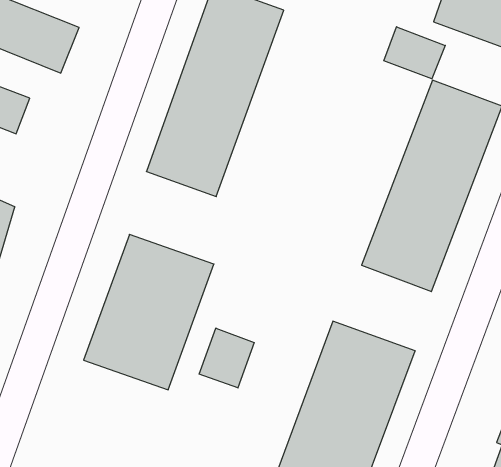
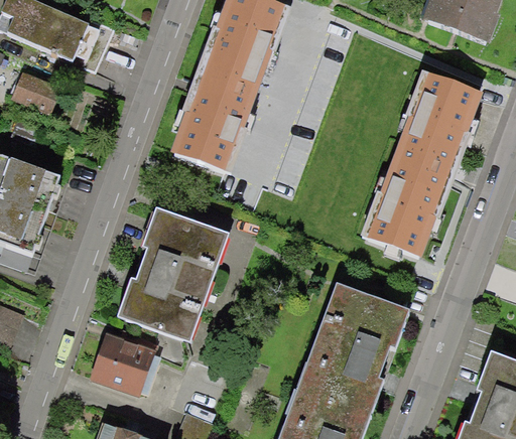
building: [384,27,445,79] -> none
building: [199,328,254,388] -> none
building: none -> [90,329,154,392]

